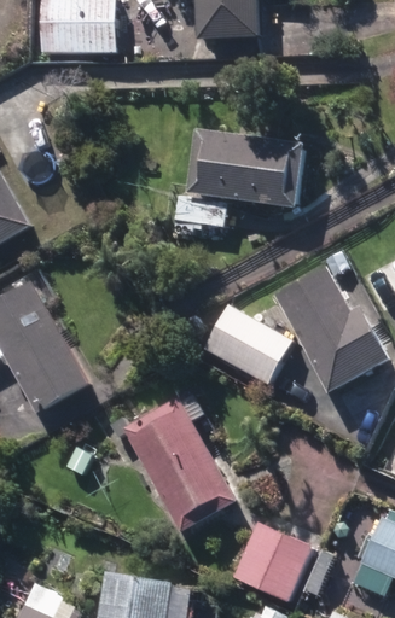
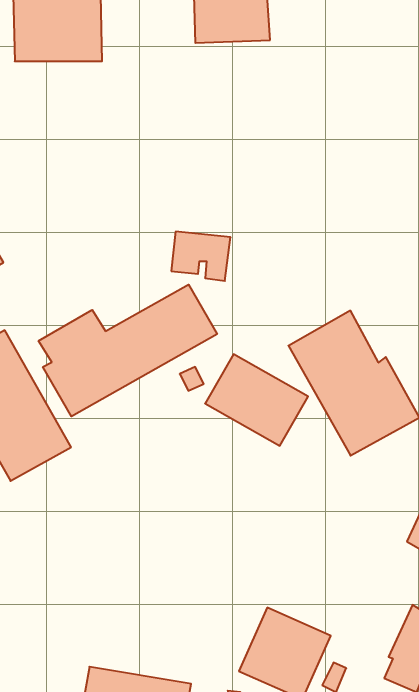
building: [186,129,303,208] -> none
building: none -> [39,285,217,416]
building: [106,396,236,531] -> none

